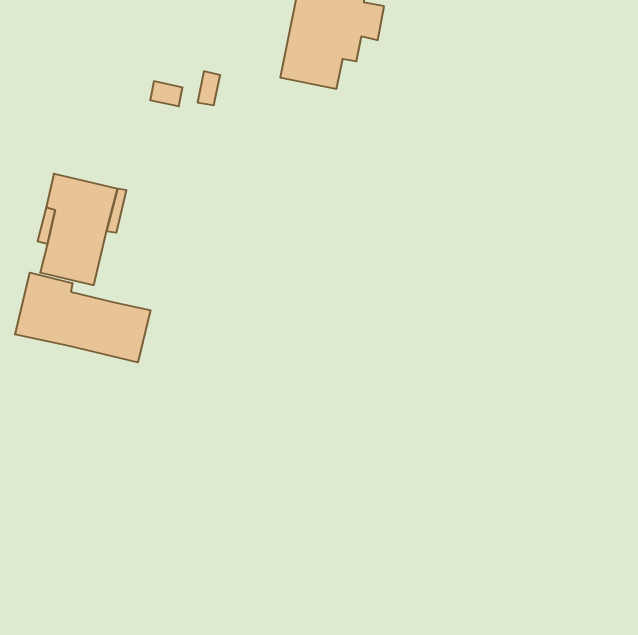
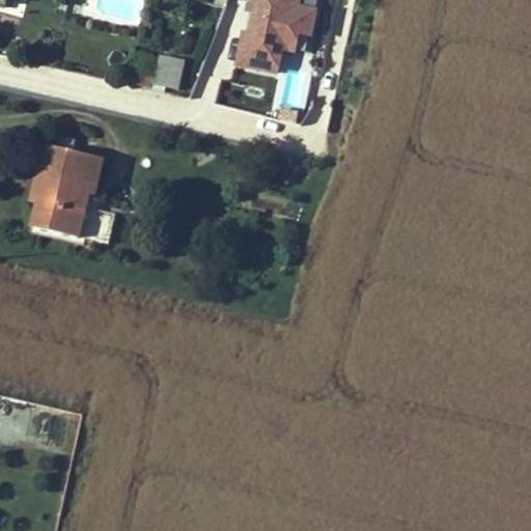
building: [15,273,150,362] -> none

